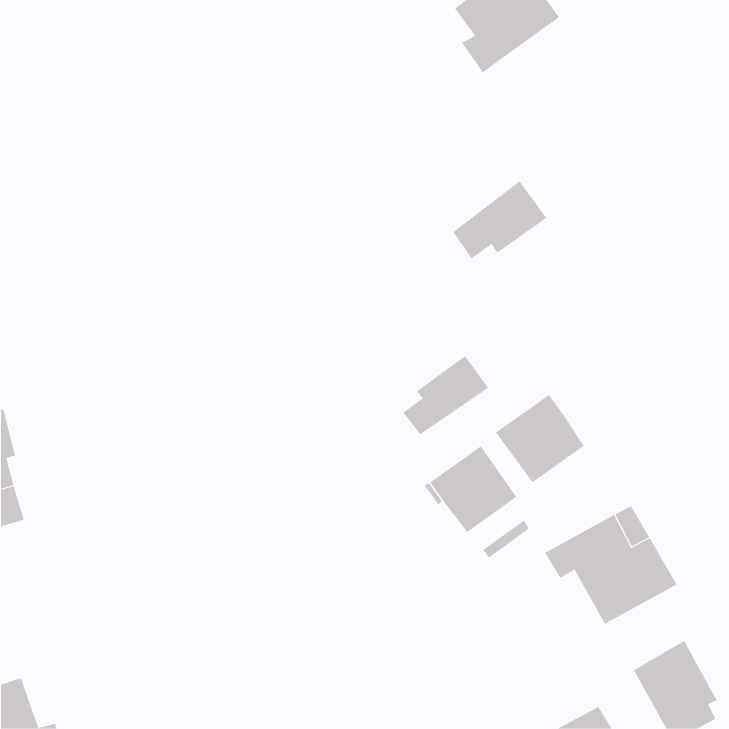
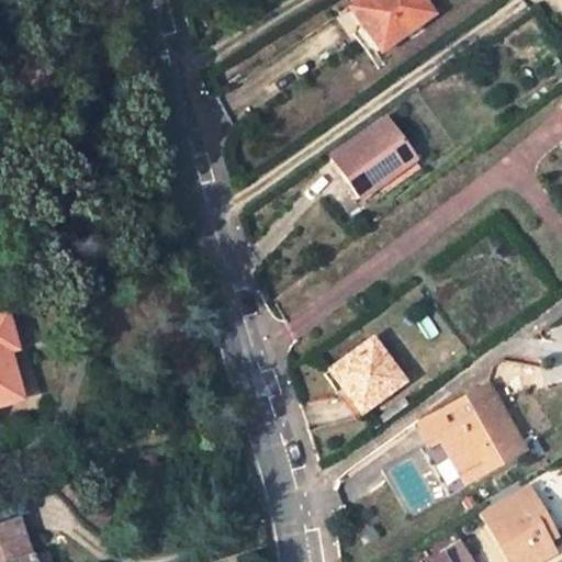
building: none -> [334,119,401,178]
building: [402,355,489,435] -> none
building: [495,394,584,483] -> none

